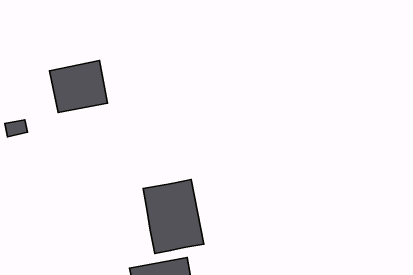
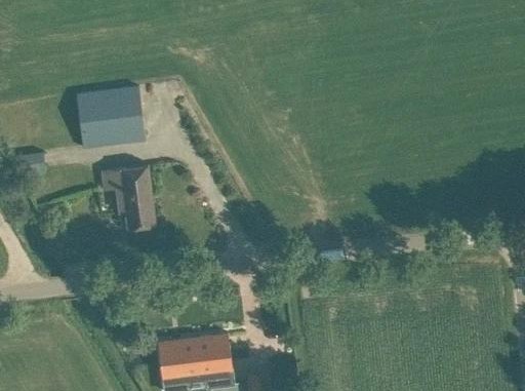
building: none -> [102,165,155,228]
building: [143,179,204,254] -> none

